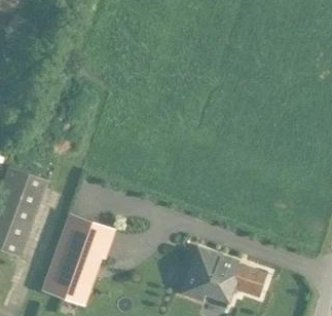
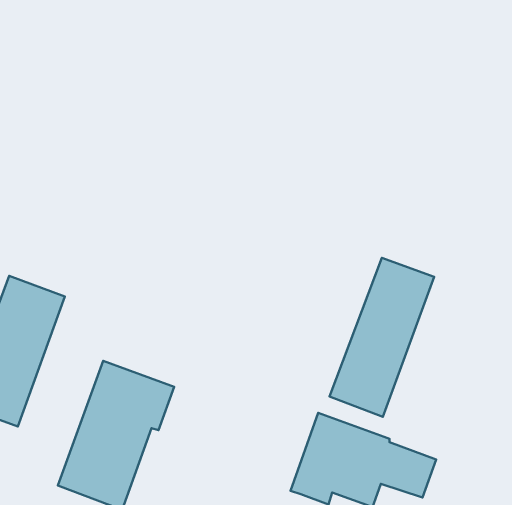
building: none -> [329,258,434,417]

